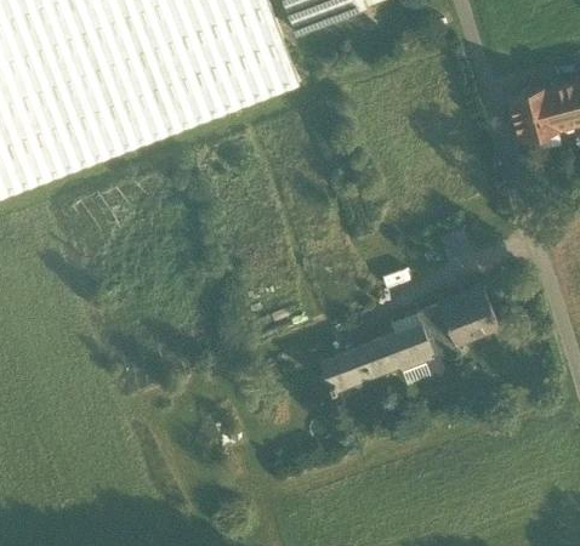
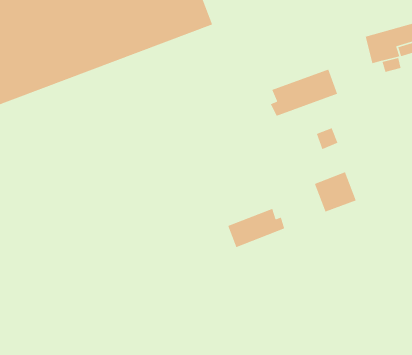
building: none -> [270,68,338,117]
building: [382,305,459,371] -> none

